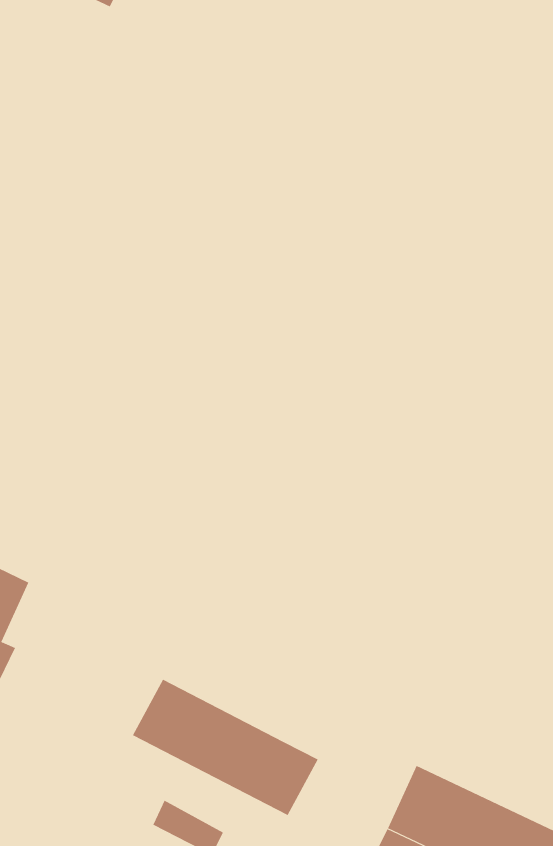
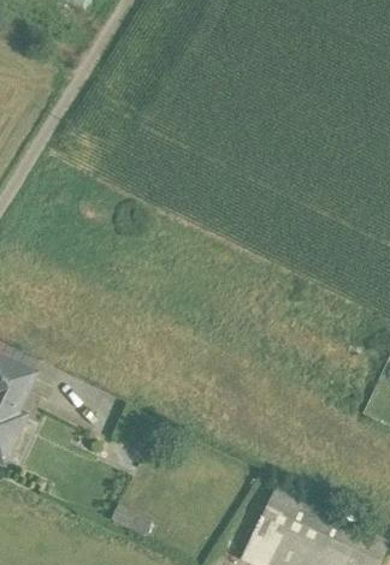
building: [132,679,318,816] -> none

